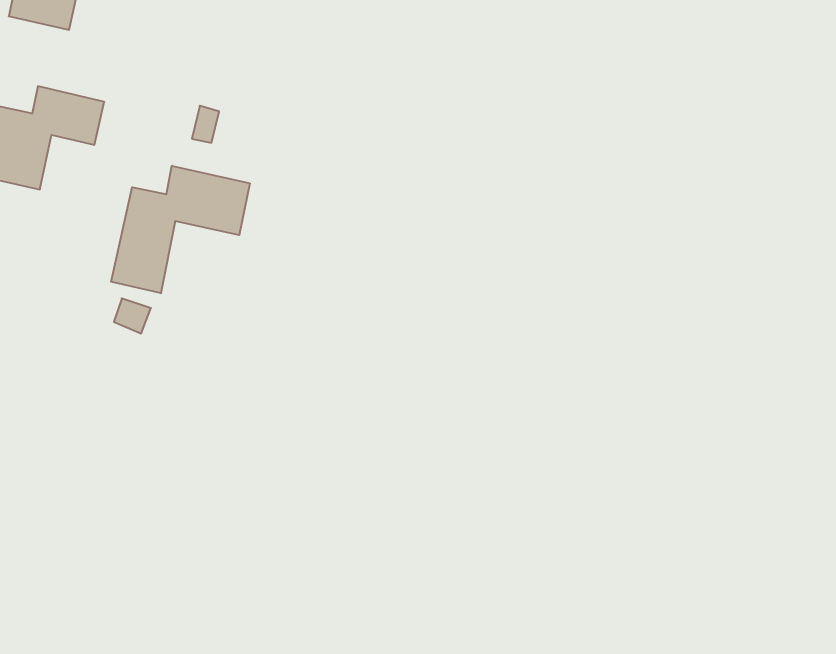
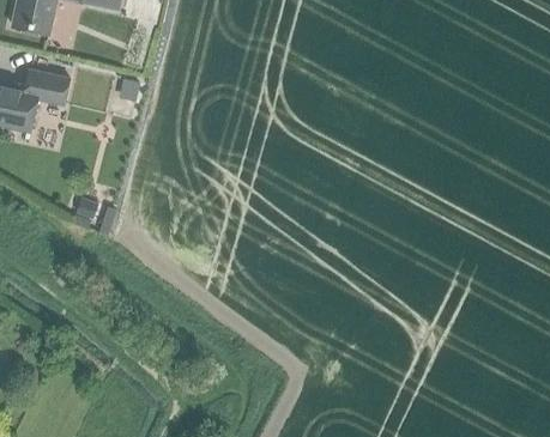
building: [111,166,250,293] -> none

